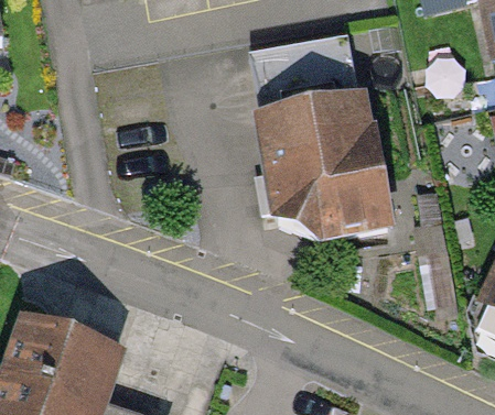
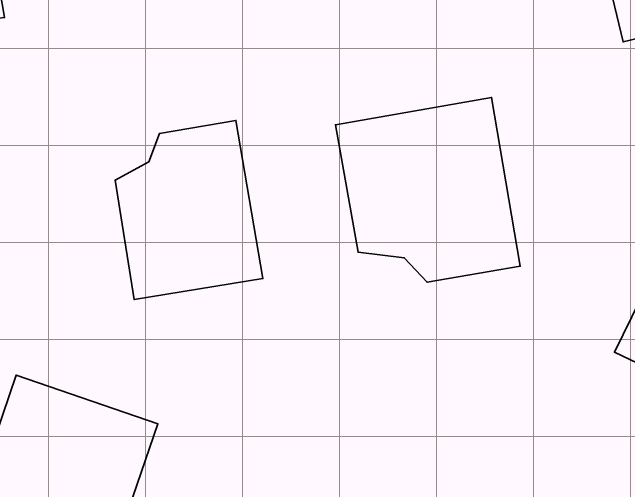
building: none -> [115,121,263,299]

